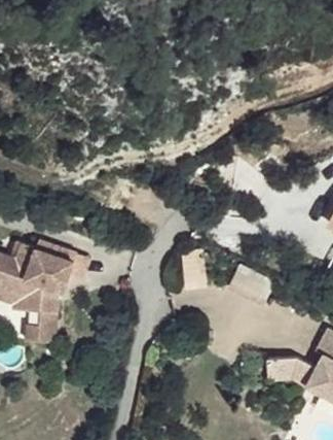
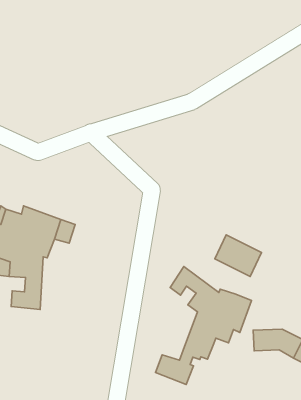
building: none -> [155,266,252,384]

